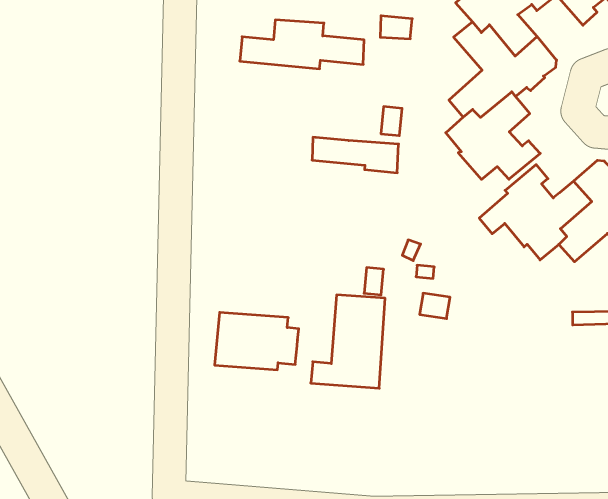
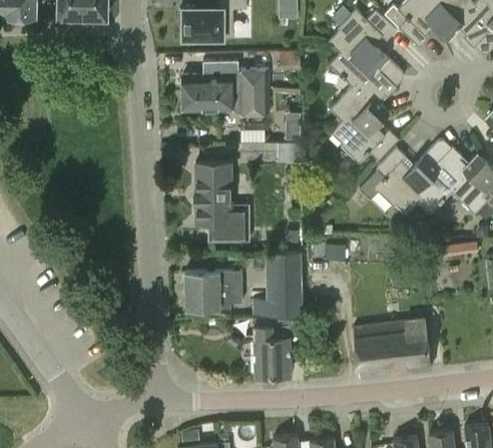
building: none -> [182,89,269,116]
building: none -> [195,166,248,239]
building: none -> [254,317,305,375]
building: none -> [354,317,432,378]

